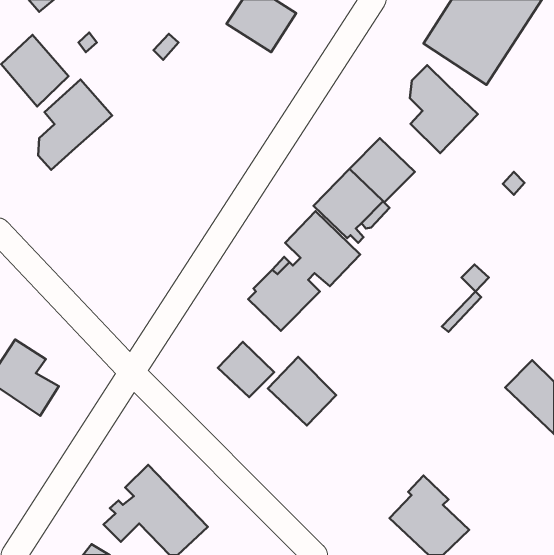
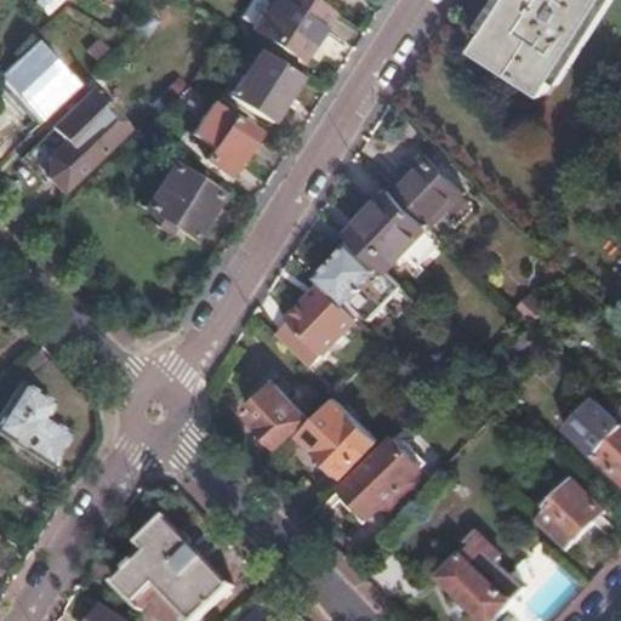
building: none -> [212,46,296,121]
building: [410,65,478,153] -> none
building: none -> [184,98,252,176]
building: none -> [141,165,216,238]
building: none -> [337,431,431,523]
building: none -> [532,482,605,554]

